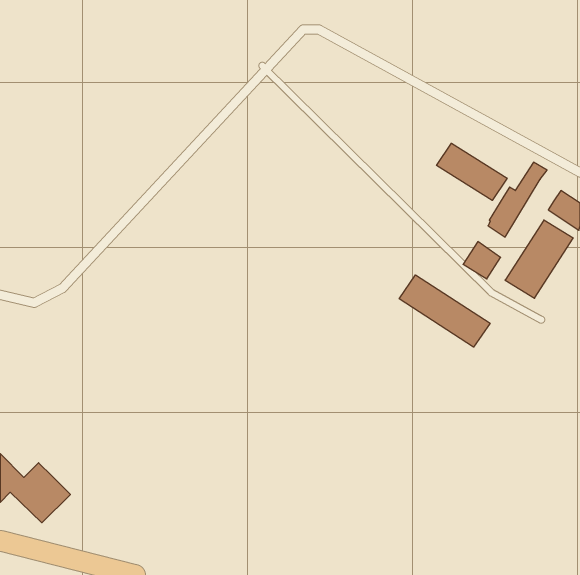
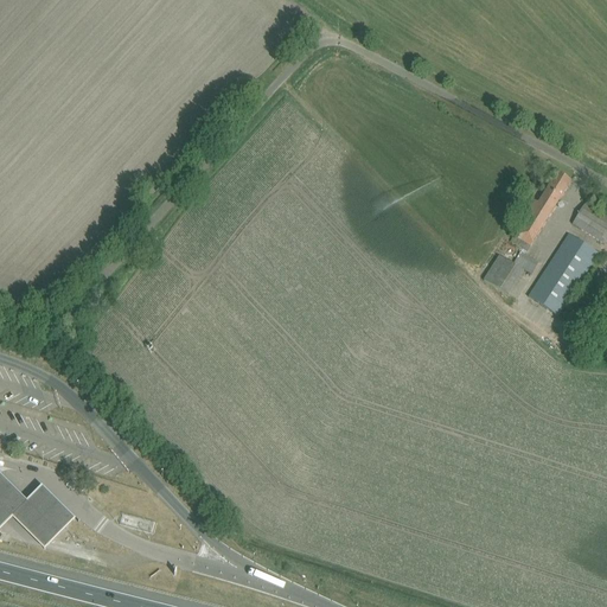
building: [437,143,507,200] -> none
building: [399,275,490,347] -> none

